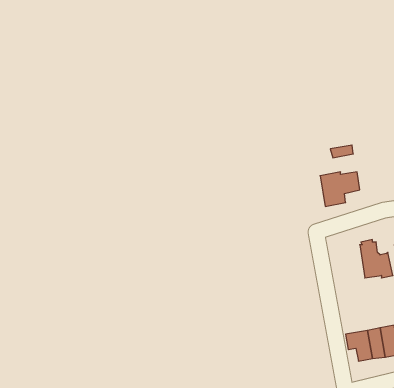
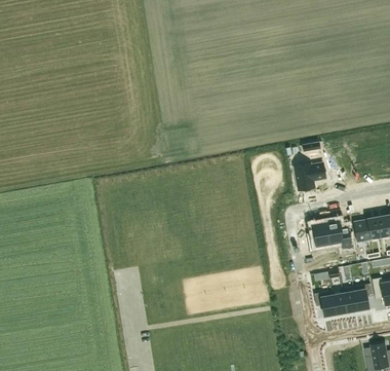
building: none -> [306,223,329,254]

